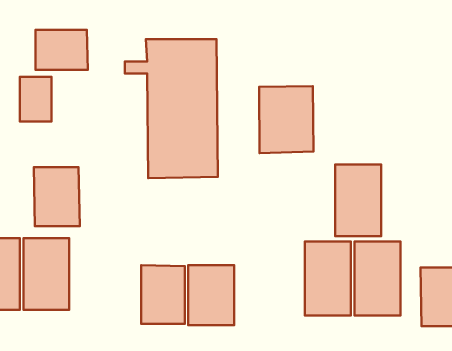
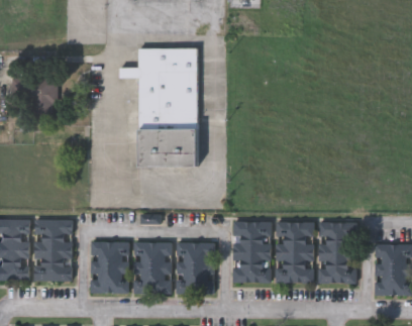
building: [35,30,88,70] -> none
building: [259,86,313,153] -> none
building: [335,164,381,236] -> [231,221,271,283]
building: [34,167,80,226] -> [89,241,128,292]

